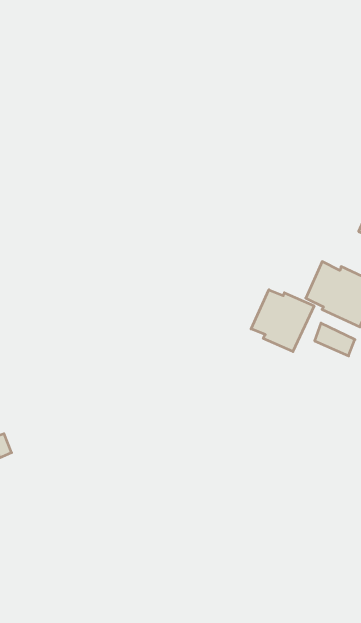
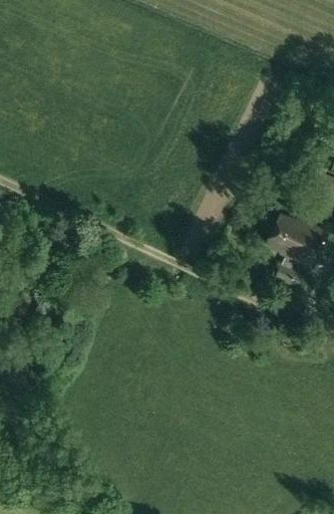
building: [251,290,314,352] -> none

